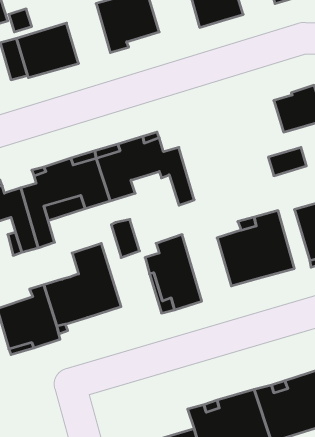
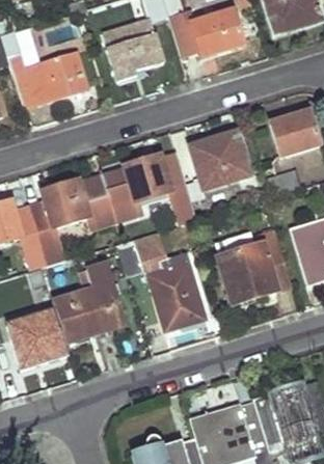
building: none -> [191,133,247,189]

